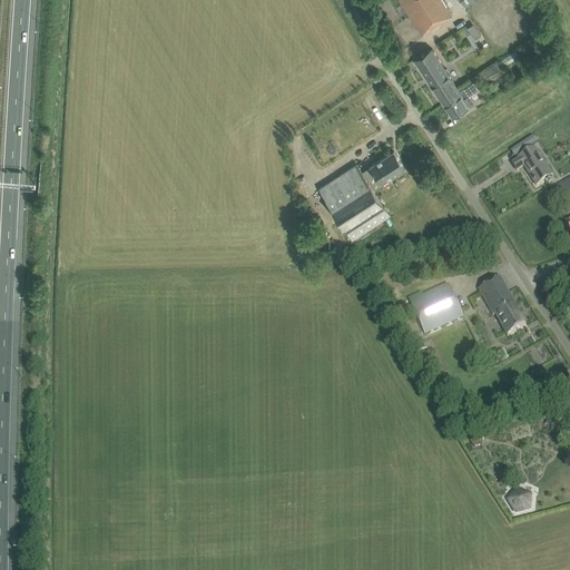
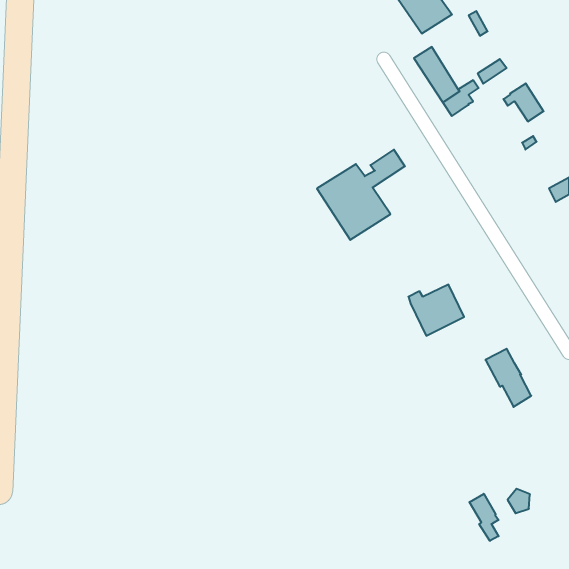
building: [511,147,551,185] -> [503,83,544,121]
building: [478,277,523,335] -> [485,349,531,407]
building: none -> [469,494,499,541]

